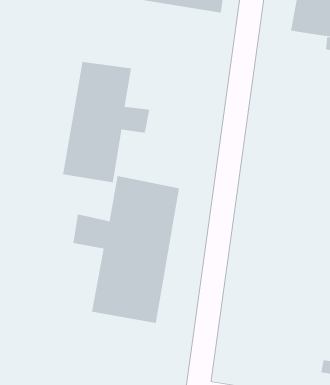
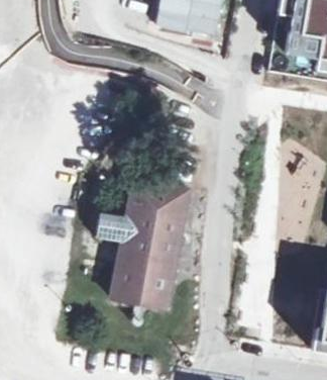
building: [63,61,150,183] -> none

